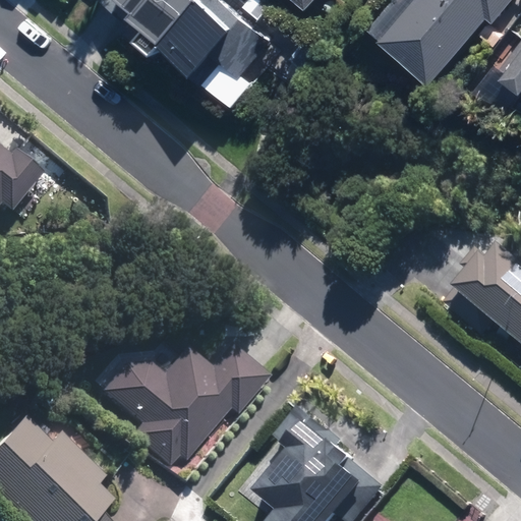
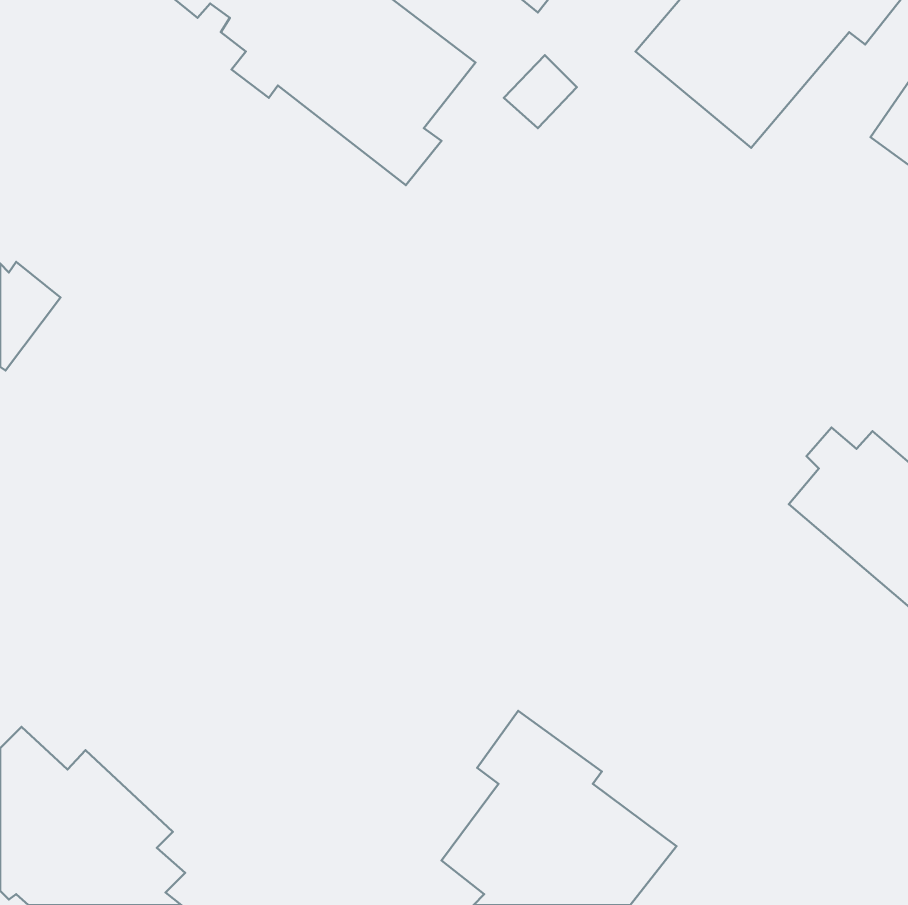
building: [98,343,263,467] -> none

